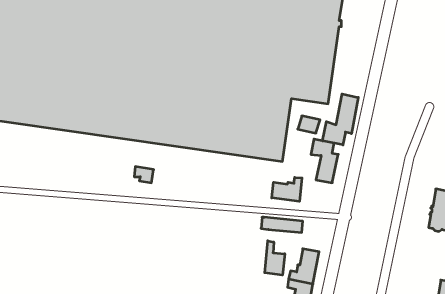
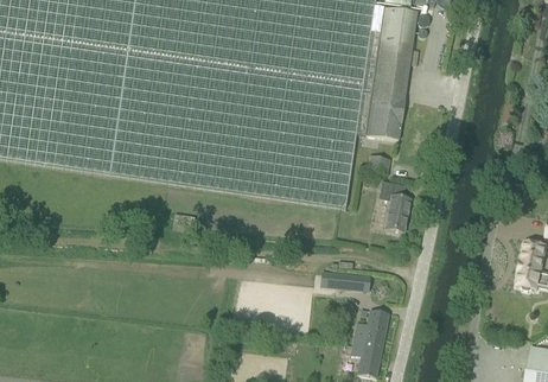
building: [323,94,358,145] -> none
building: [272,177,302,201] -> none
building: [265,241,285,275] -> none

